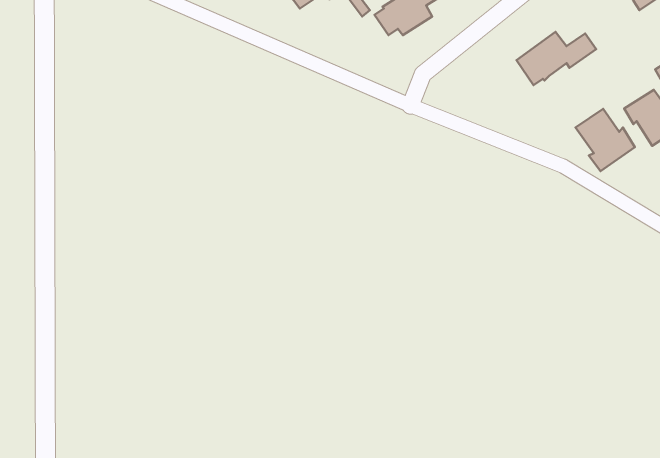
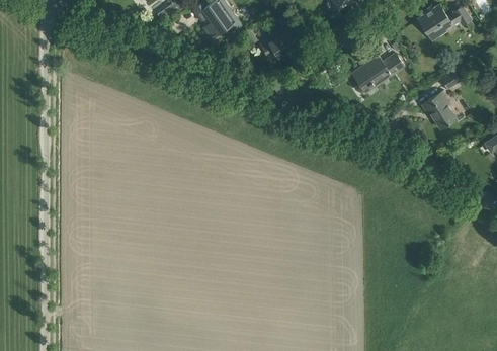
building: [575,109,635,171] -> none

